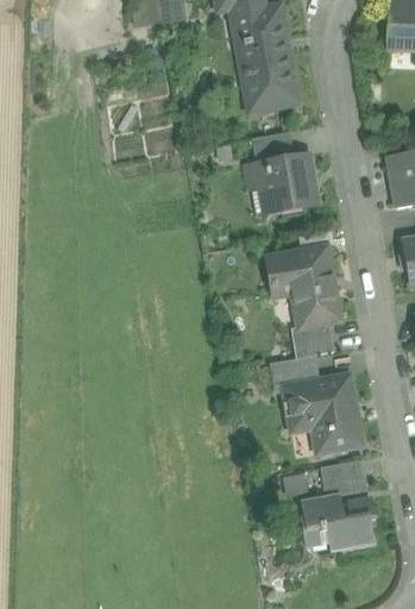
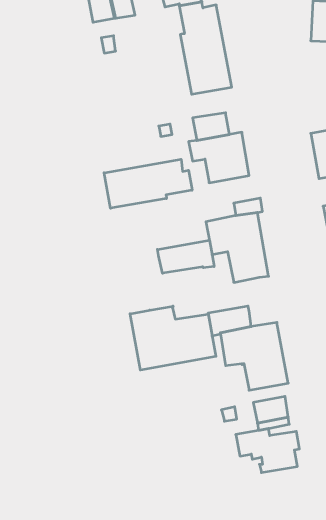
building: none -> [104,159,192,208]
building: none -> [157,240,214,273]
building: [291,322,333,358] -> none
building: none -> [130,306,216,370]

